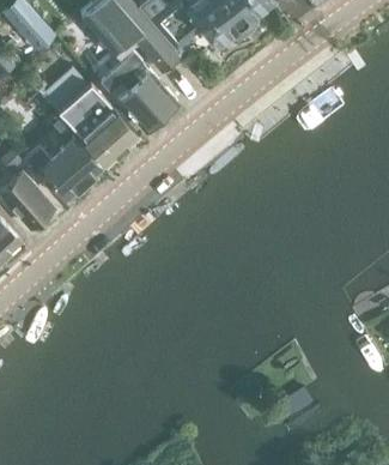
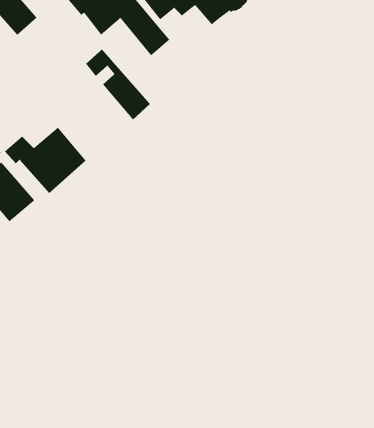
building: [115,52,177,117] -> none
building: [45,68,138,168] -> none

